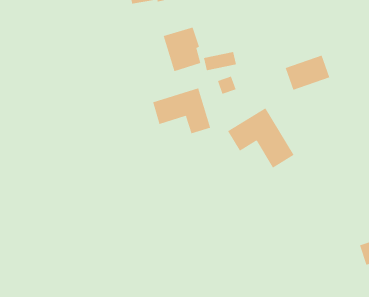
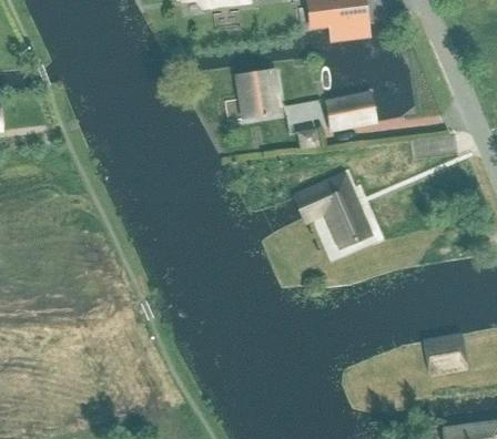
building: [285,55,330,91] -> [324,91,375,127]
building: [152,87,211,134] -> none

